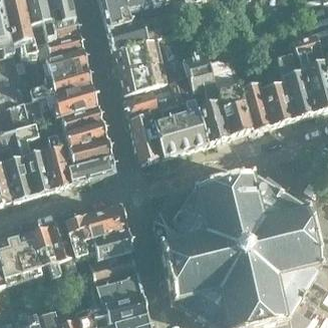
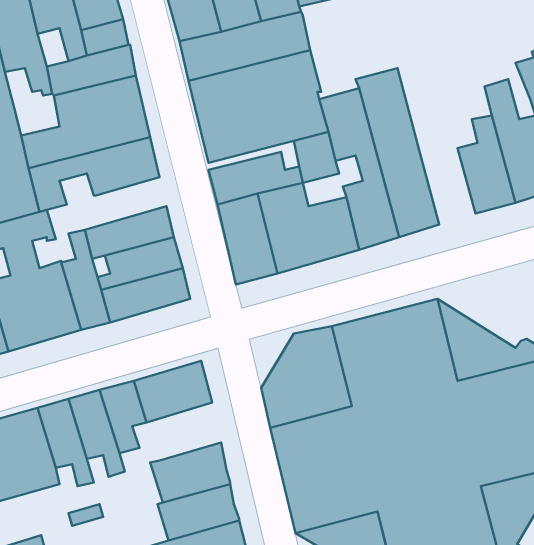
building: [241,82,272,129] -> none
building: [62,103,101,129] -> none
building: [82,228,131,260] -> none

